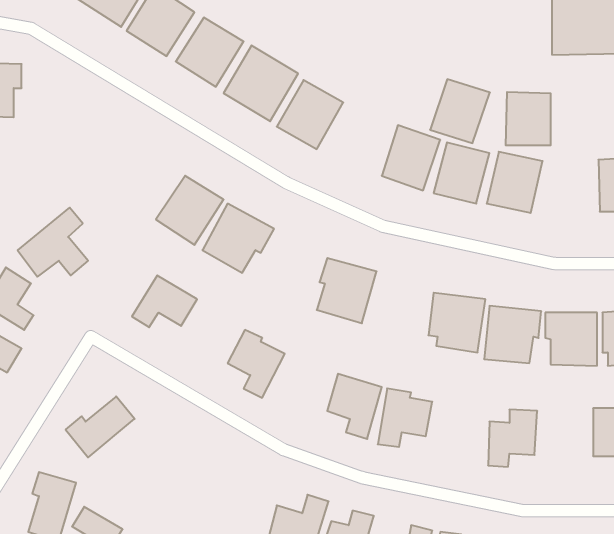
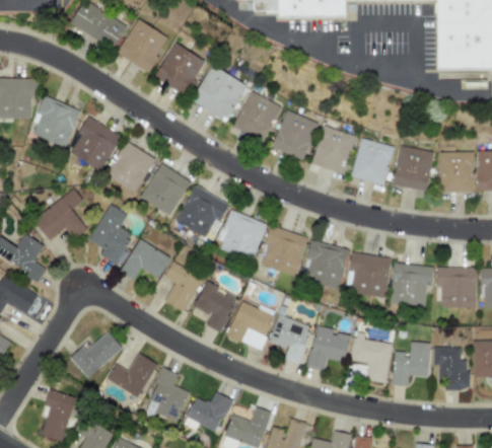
building: [430,79,490,143] -> [272,110,318,159]
building: none -> [32,95,81,148]
building: [506,92,551,145] -> [439,151,474,192]
building: none -> [70,116,121,171]
building: none -> [104,141,155,193]
building: none -> [88,204,133,265]
building: none -> [218,210,267,260]
building: none -> [304,240,349,288]
building: none -> [164,262,203,312]
building: none -> [226,299,276,350]
building: none -> [351,332,392,383]
building: none -> [433,347,469,389]
building: none -> [107,353,156,396]
building: none -> [146,368,189,422]
building: none -> [184,391,231,432]

